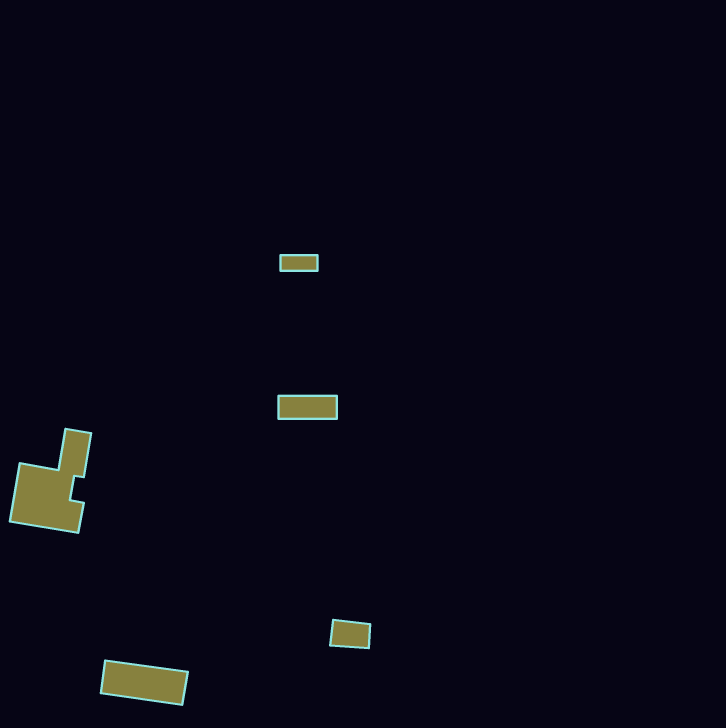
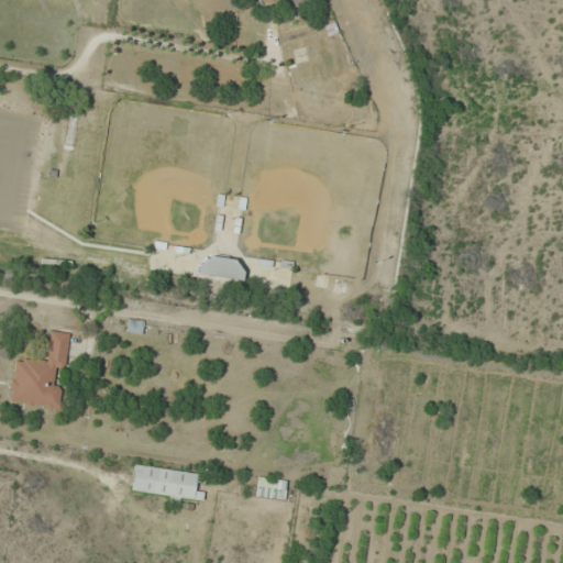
building: [279,396,337,419] -> [199,260,244,277]
building: [101,661,188,705] -> [132,465,199,499]

